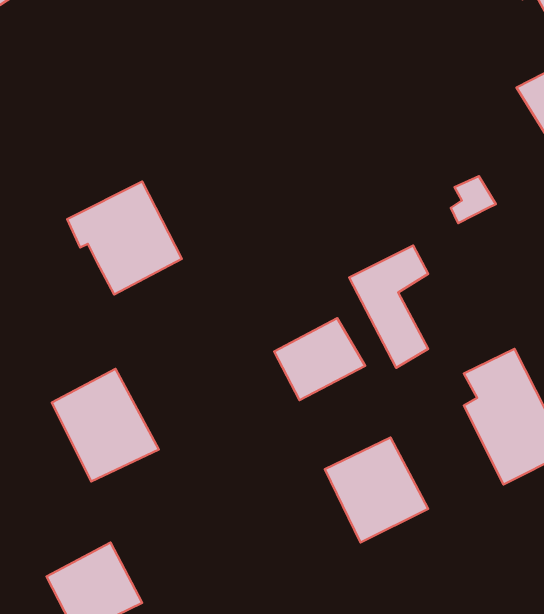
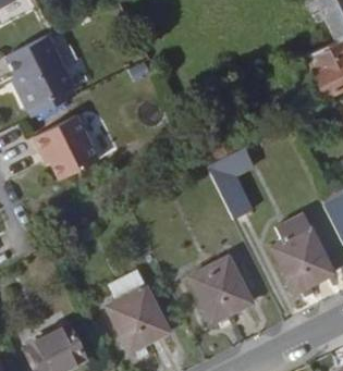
building: none -> [11,35,76,108]
building: [274,318,365,400] -> none
building: [52,369,159,482] -> [107,285,169,350]

